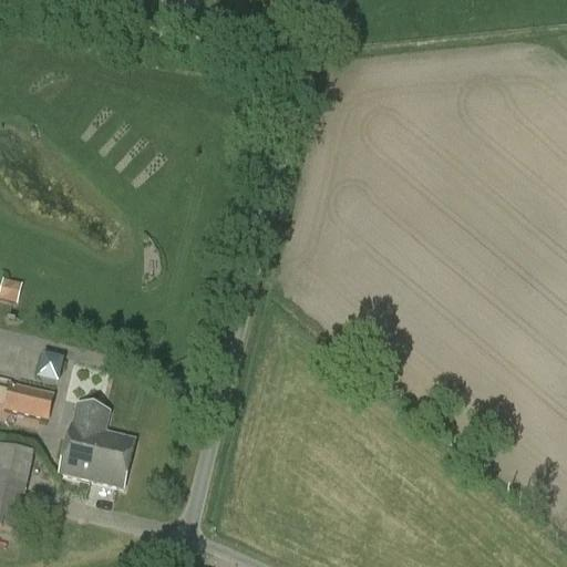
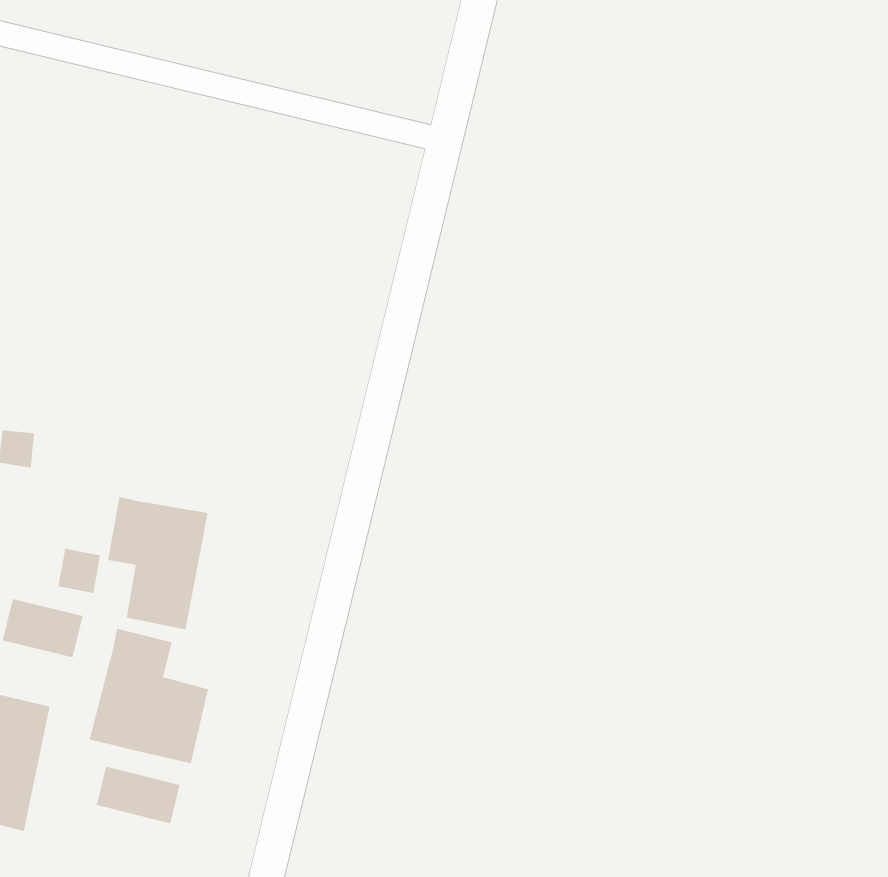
building: none -> [107,496,208,630]
building: none -> [96,766,180,824]

